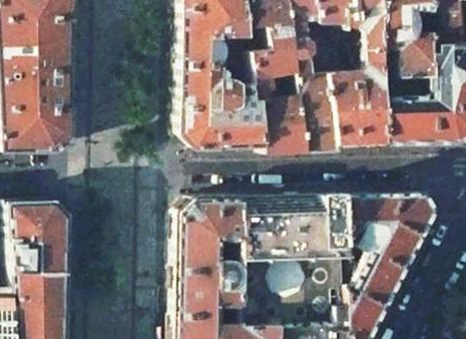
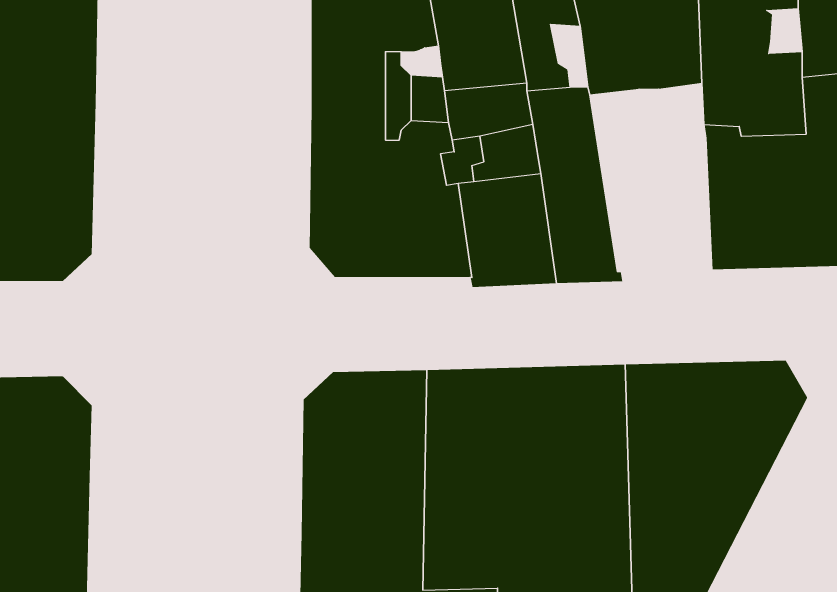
building: [326,48,388,144] -> none

